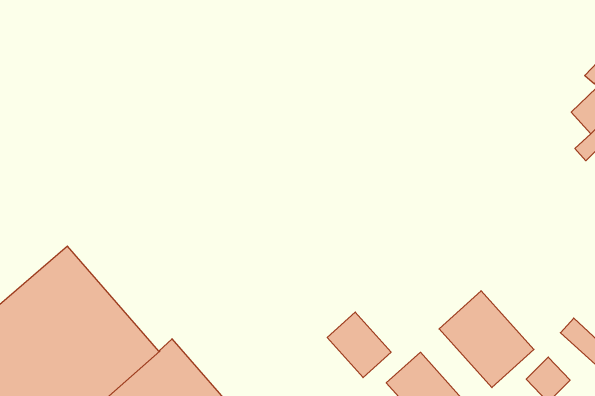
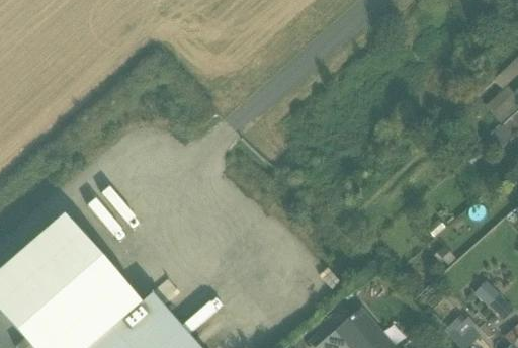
building: [439,291,534,388] -> none
building: [327,312,391,378] -> none

